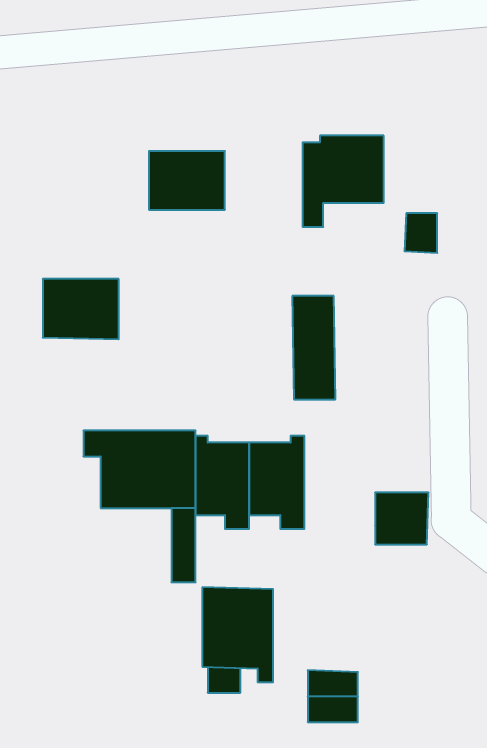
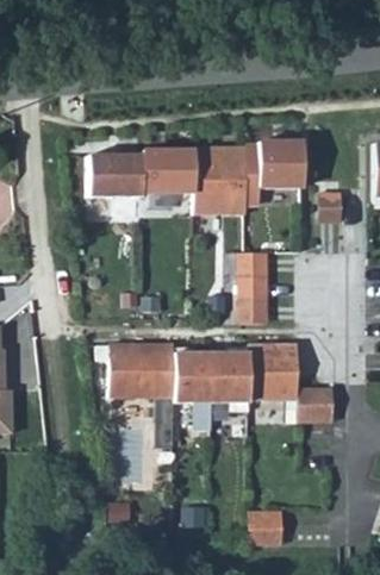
building: none -> [193,145,247,213]
building: [43,279,119,339] -> [88,155,141,196]
building: [202,587,273,682] -> [248,344,297,410]

